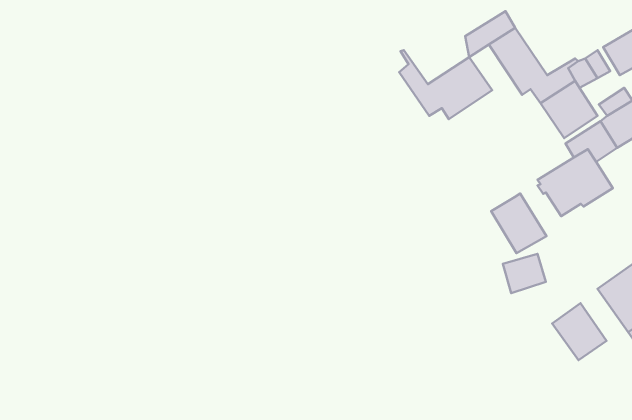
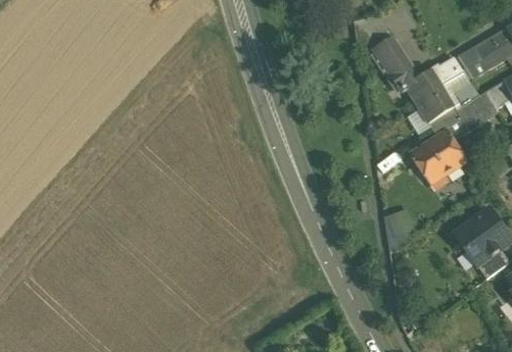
building: [399,50,492,119] -> none
building: [491,193,546,253] -> none
building: [552,303,606,360] -> none

